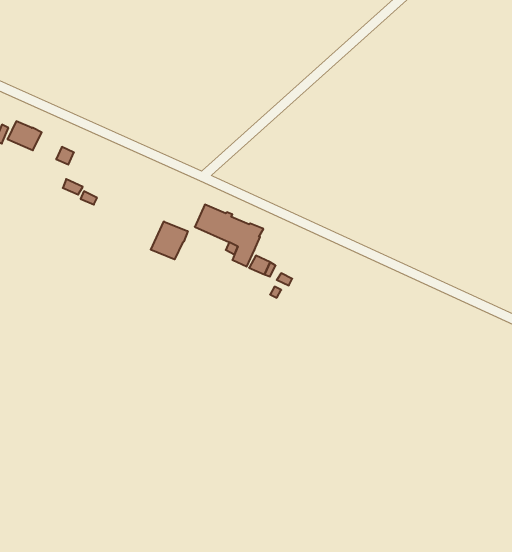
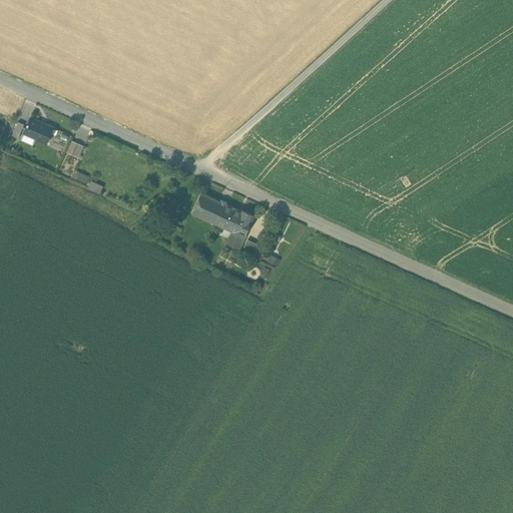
building: [151,221,188,259] -> none

